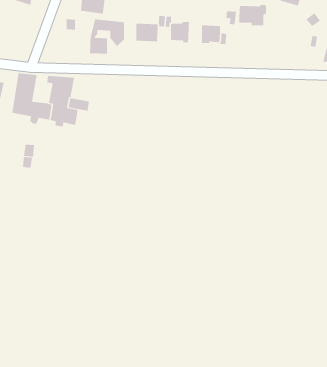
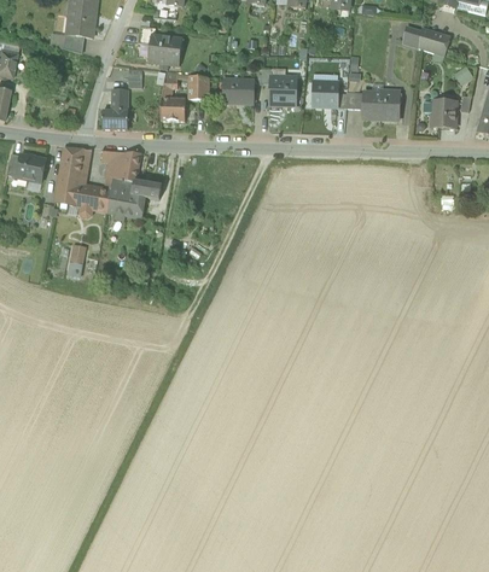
building: [238,4,267,26] -> [363,89,402,118]
building: none -> [103,88,129,128]
building: none -> [424,99,456,126]

